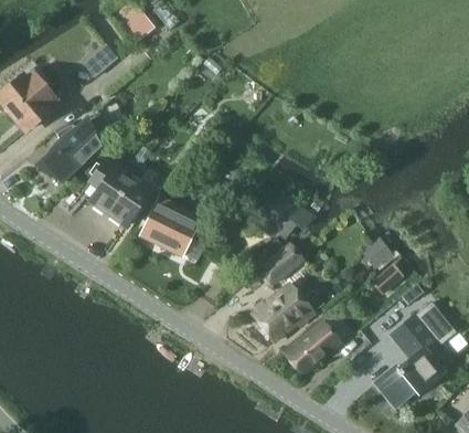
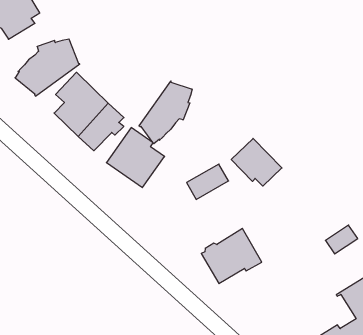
building: none -> [139,81,192,144]
building: [363,237,397,273] -> none
building: [259,246,301,285] -> [187,164,229,199]
building: [287,323,342,376] -> none

